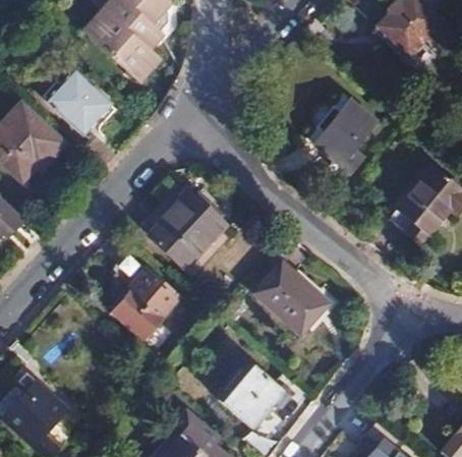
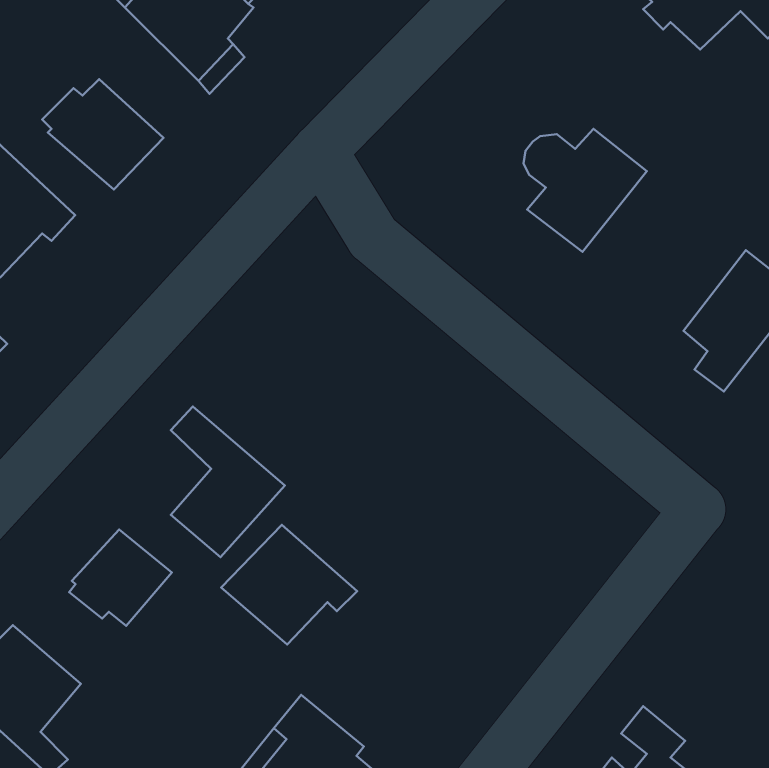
building: [148,189,229,272] -> none
building: [254,264,327,334] -> none
building: none -> [69,529,172,626]
building: [219,361,294,427] -> [221,525,357,644]

